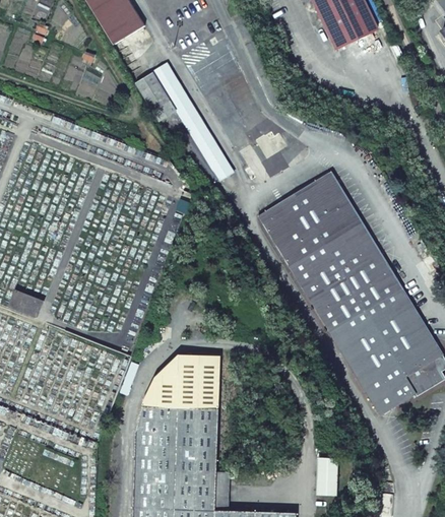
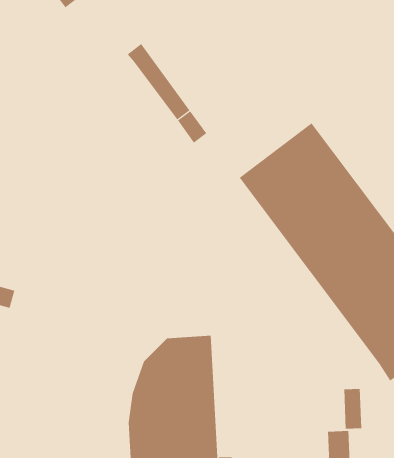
building: [135,64,180,111] -> none
building: none -> [344,388,362,429]

